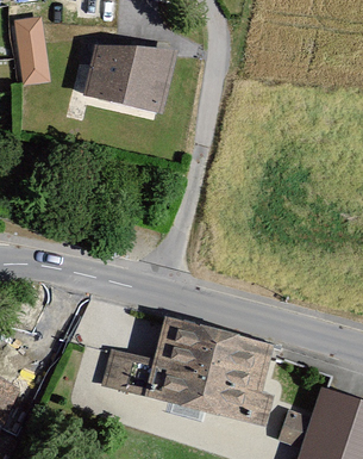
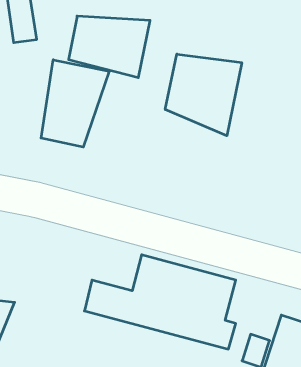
building: none -> [165,54,242,136]
building: none -> [41,60,109,147]

